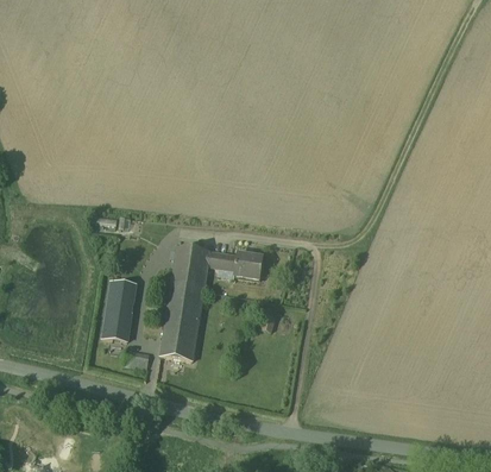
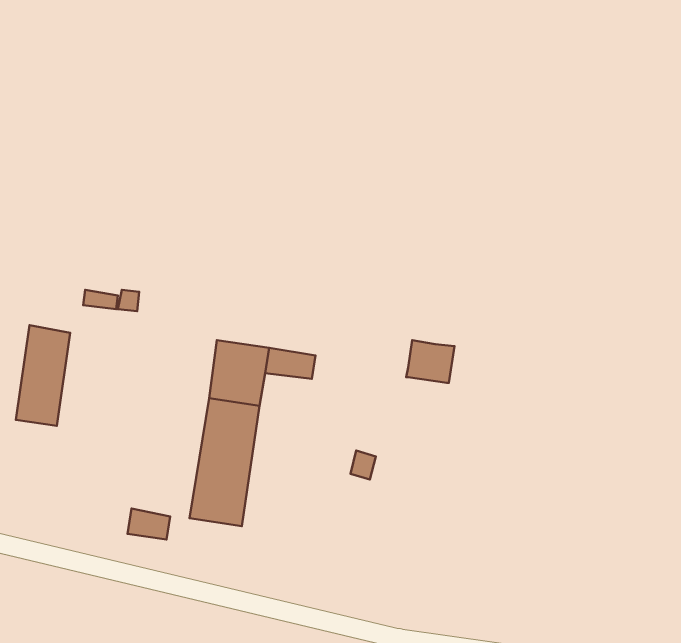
building: [234,254,264,281] -> [406,340,455,383]
building: [102,281,136,342] -> [16,325,70,426]

